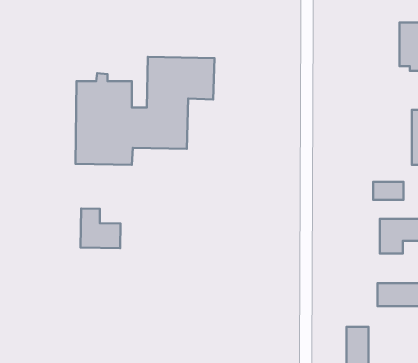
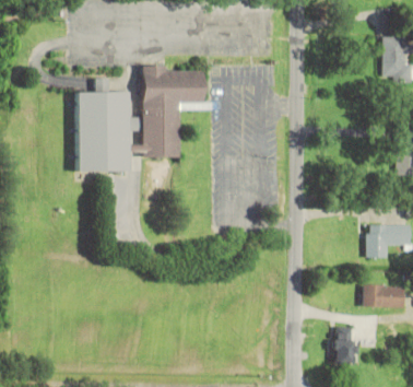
building: [373,182,403,200] -> none
building: [80,208,120,248] -> none

